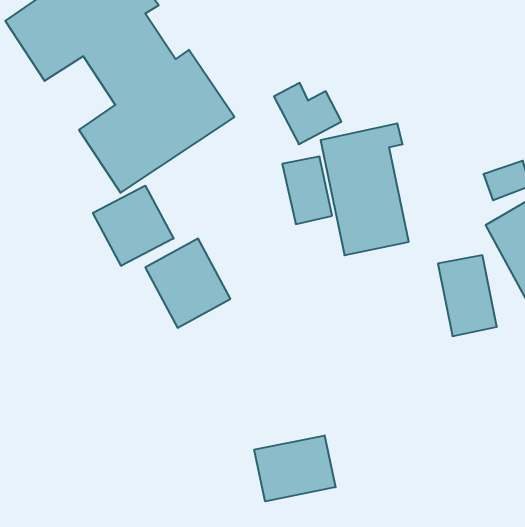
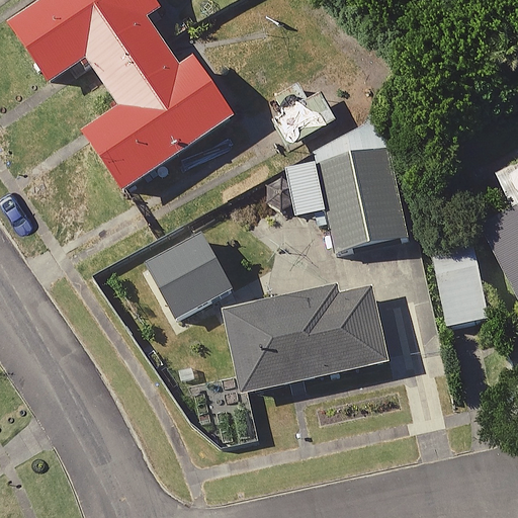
building: [93,186,174,266] -> none
building: none -> [228,278,388,391]
building: [254,435,336,501] -> none

